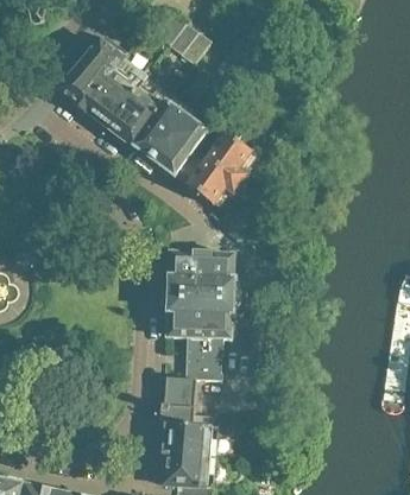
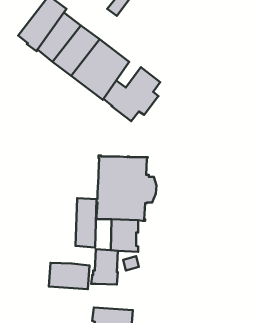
building: none -> [76,198,97,248]
building: [162,424,216,459] -> [49,263,89,289]

